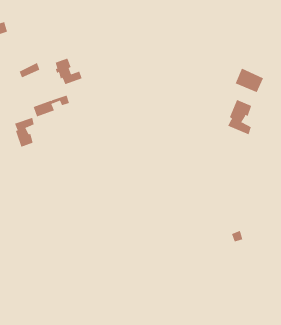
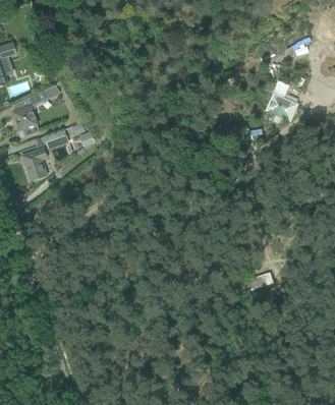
building: [55,58,83,85] -> [14,107,45,136]
building: [228,99,252,135] -> none

